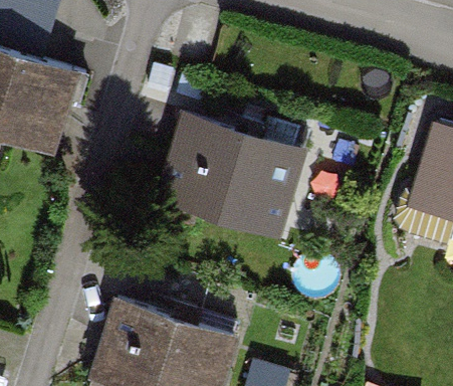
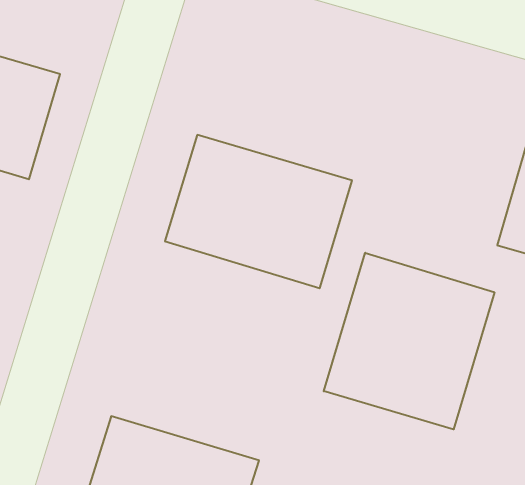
building: none -> [324,253,494,429]

